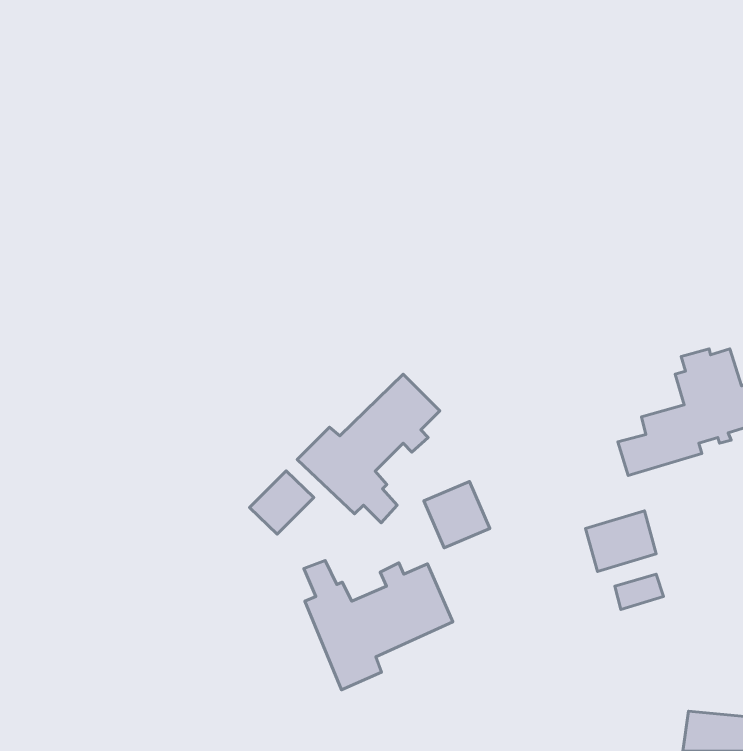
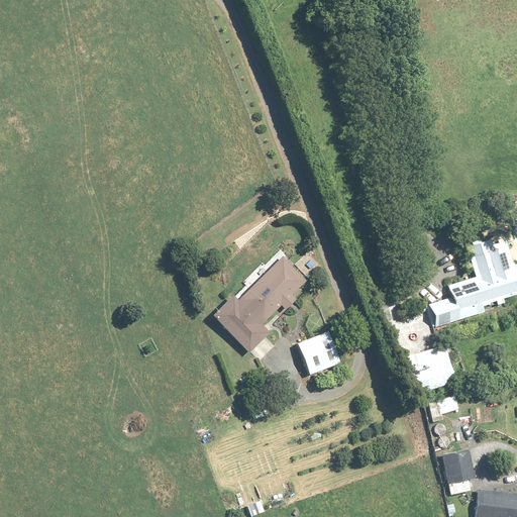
building: [250,471,314,534] -> none
building: [304,561,453,690] -> none
building: none -> [442,448,477,493]

